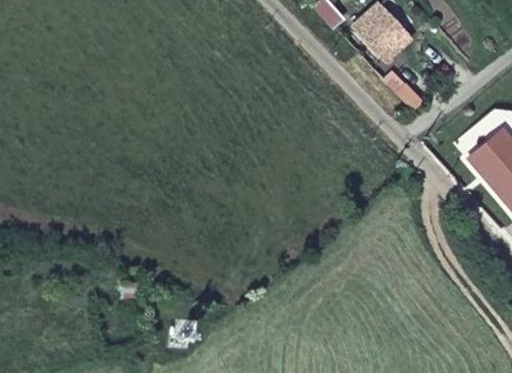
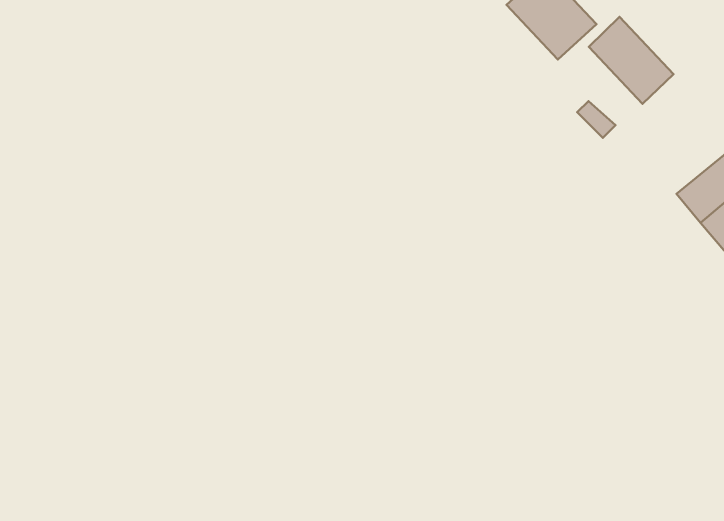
building: none -> [589,17,673,104]

